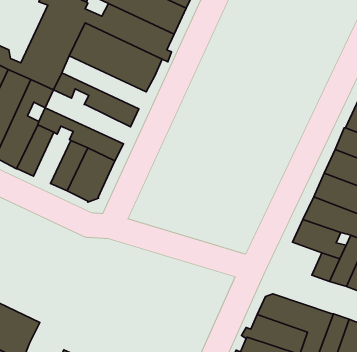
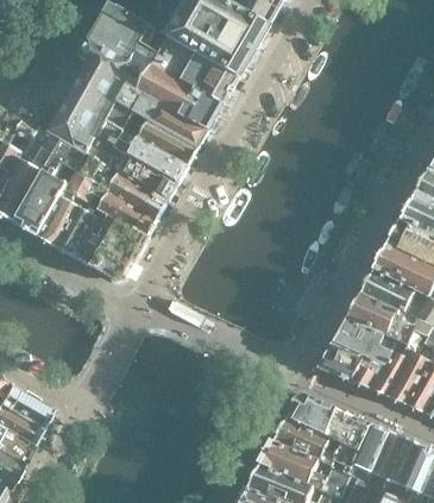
building: none -> [96,117,187,181]
building: none -> [75,152,166,218]
building: none -> [56,199,100,254]
building: none -> [319,340,364,378]

